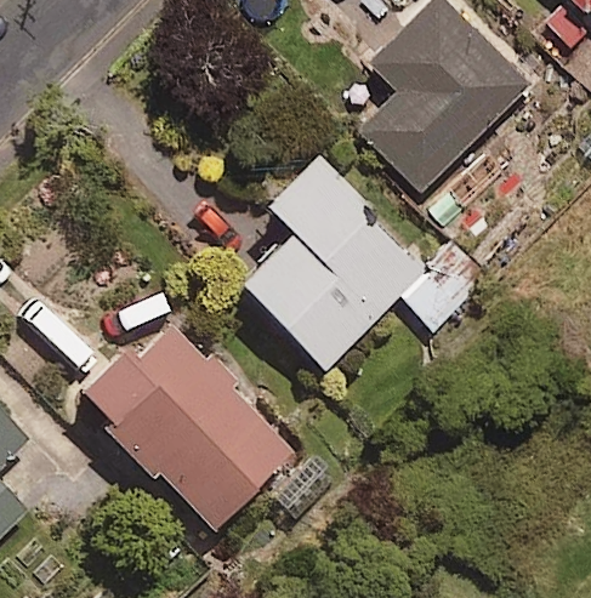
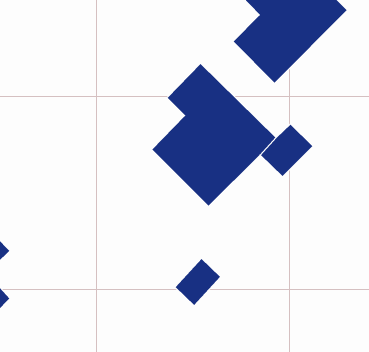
building: [79,319,291,534] -> none

